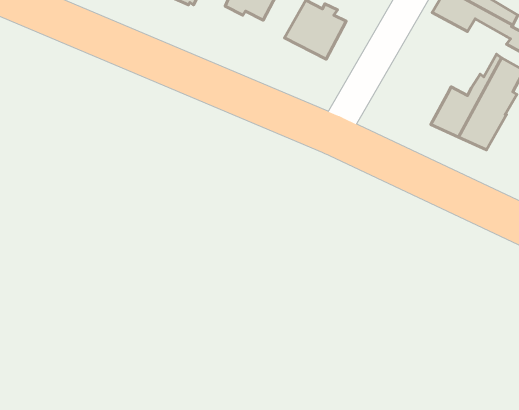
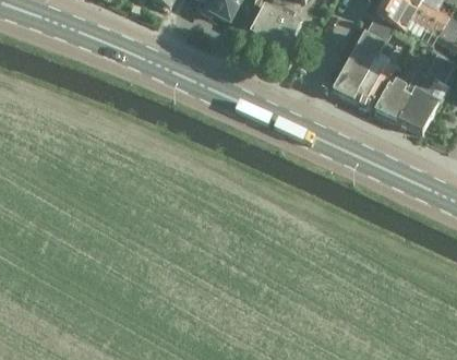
building: none -> [334,33,396,106]

